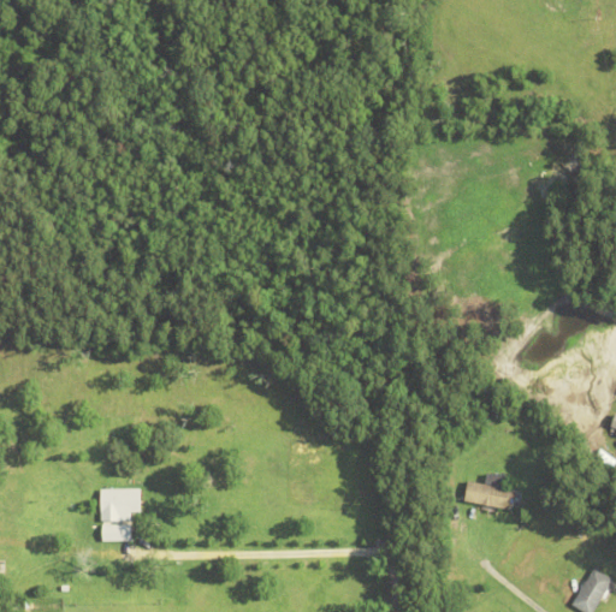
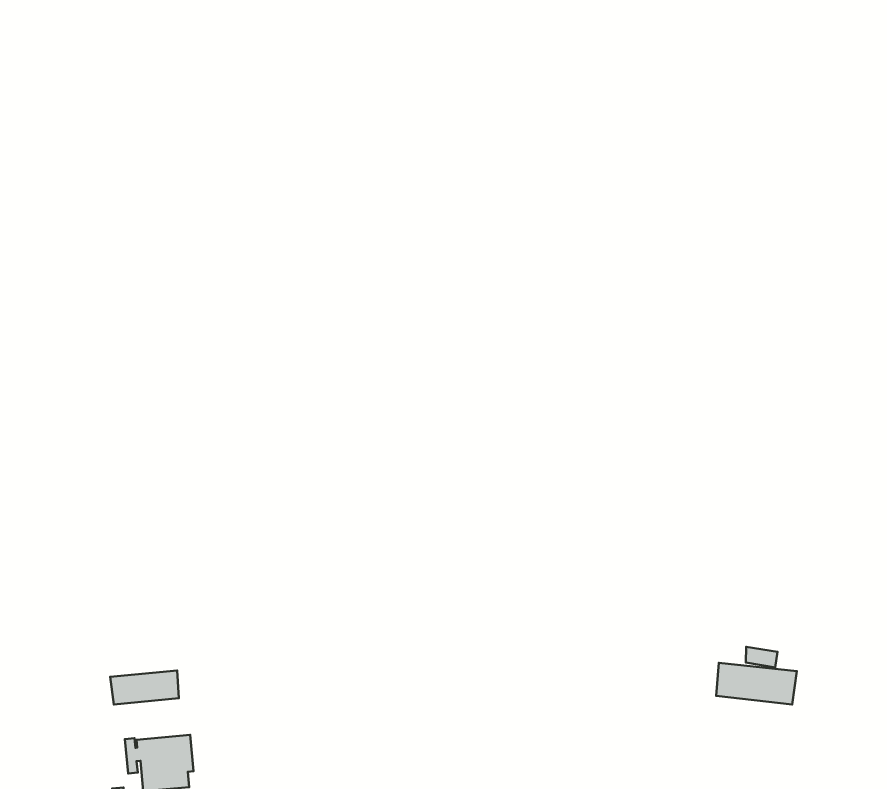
building: none -> [110,671,179,705]

